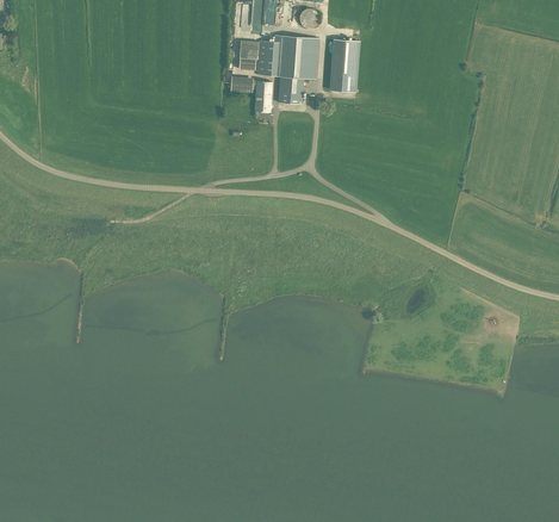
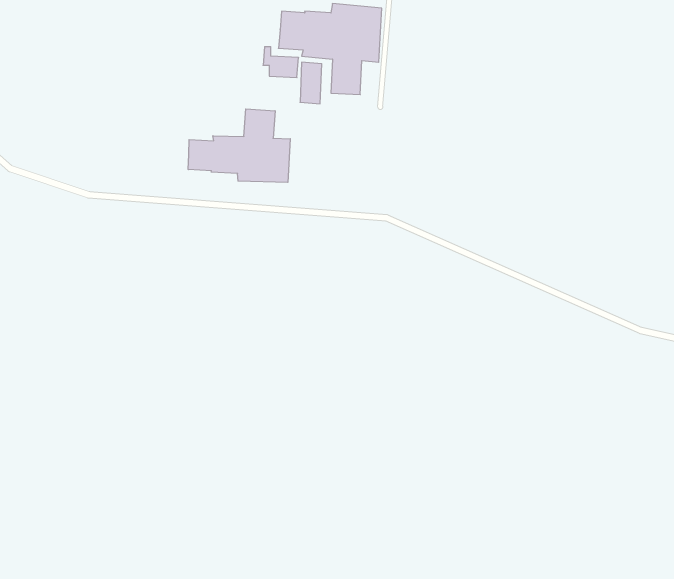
building: [330,39,358,92] -> none
building: none -> [188,109,290,182]

